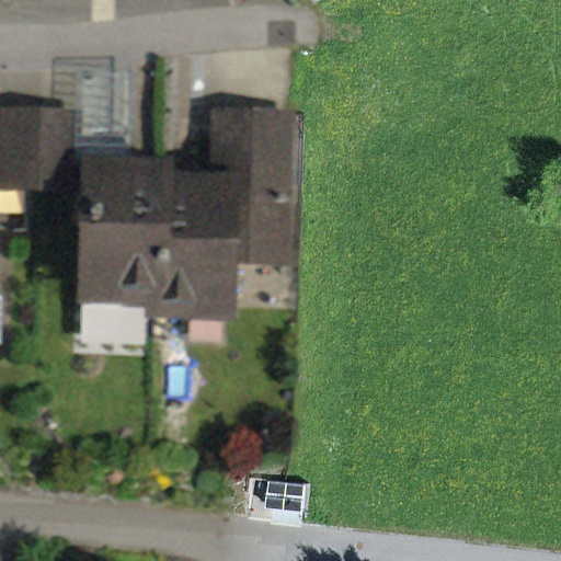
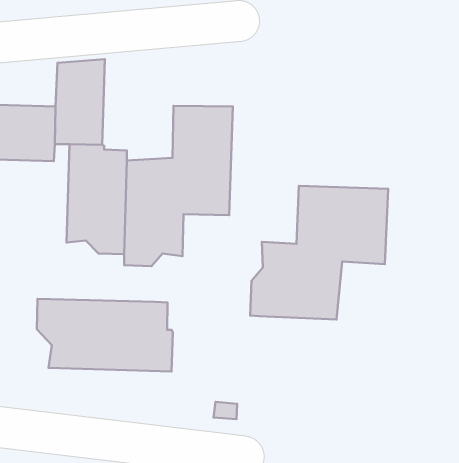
building: none -> [250,186,388,319]
building: none -> [37,299,173,371]

